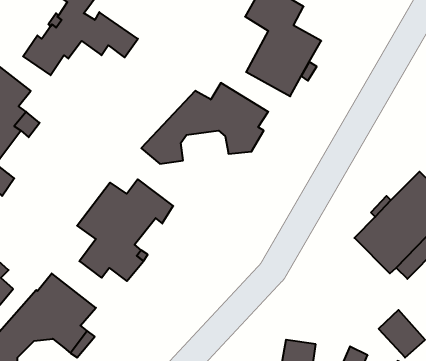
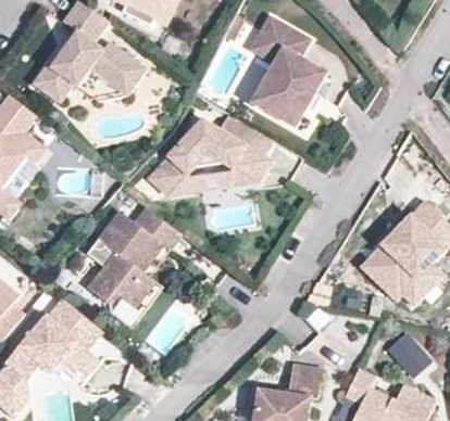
building: none -> [77,71,133,102]
building: none -> [188,158,235,188]

